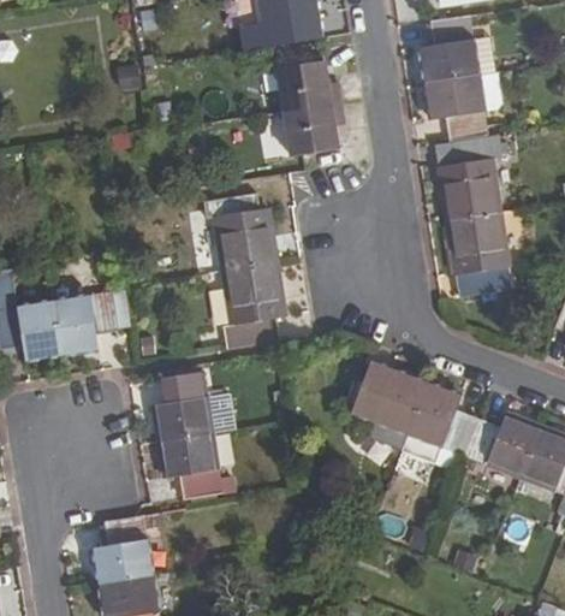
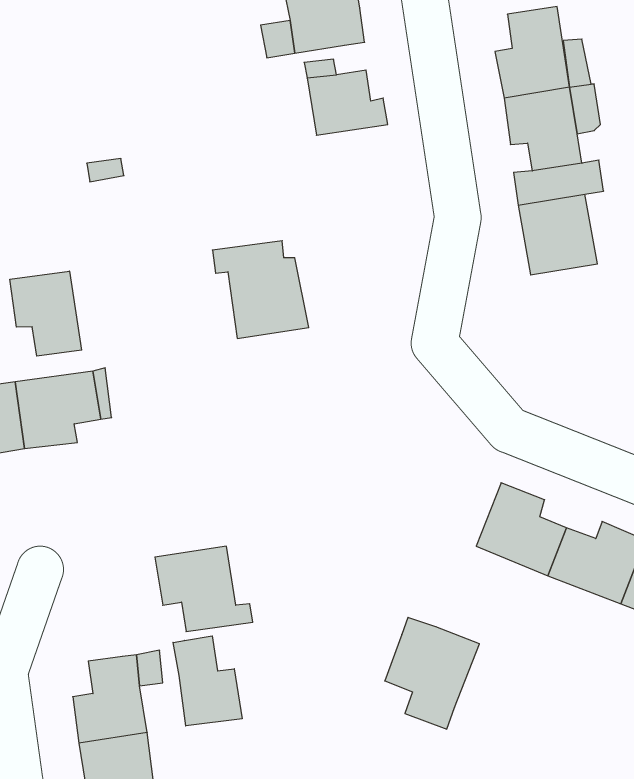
building: [282,103,340,155] -> none
building: [448,212,511,296] -> none
building: none -> [10,271,82,356]
building: [221,261,282,350] -> none
building: [352,361,426,448] -> [385,617,479,729]
building: [153,374,213,439] -> none
building: none -> [173,636,242,726]

